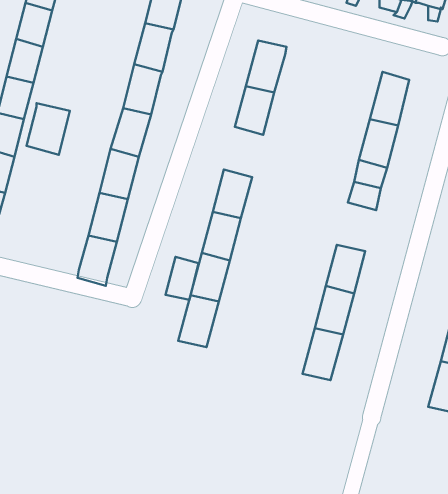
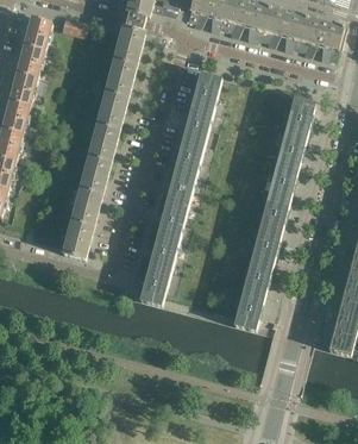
building: [26,103,70,155] -> none
building: none -> [172,139,202,177]
building: none -> [258,196,288,233]
building: [166,257,198,300] -> none

